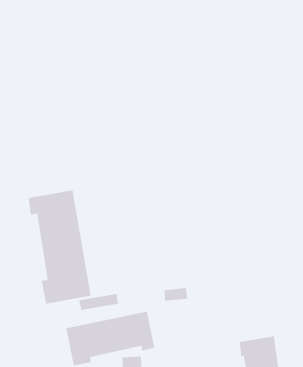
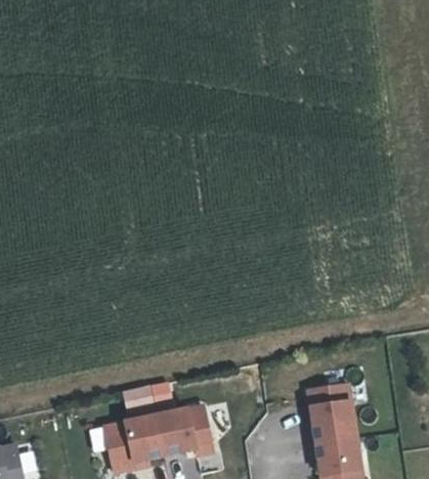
building: [28,190,92,305] -> none
building: none -> [309,383,357,442]

